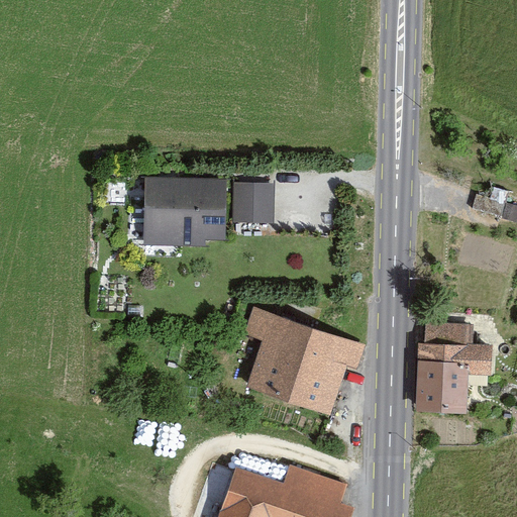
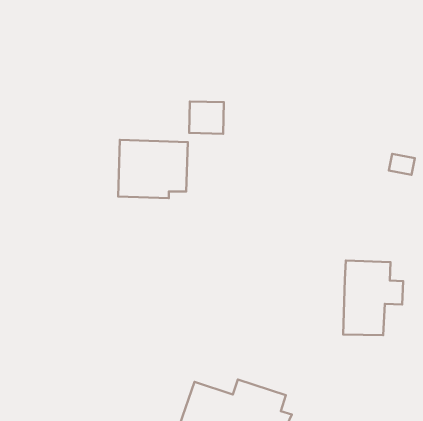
building: [232,182,275,221] -> [189,101,224,134]
building: [244,308,364,414] -> none

